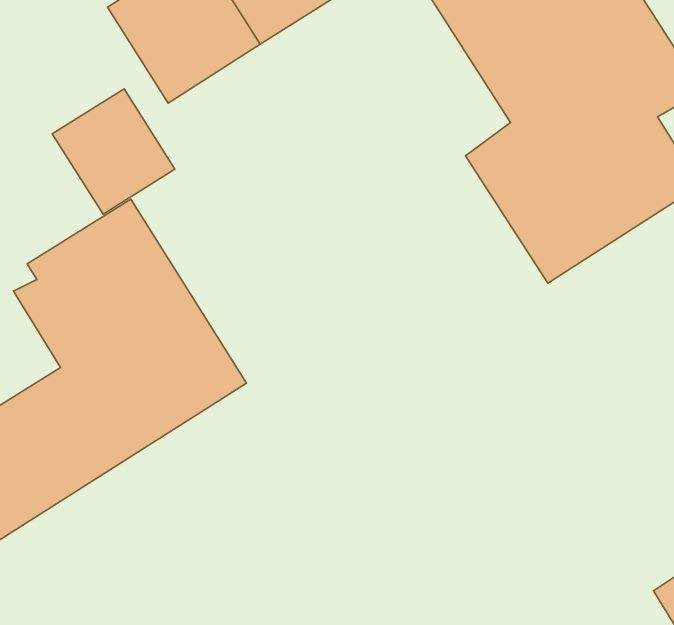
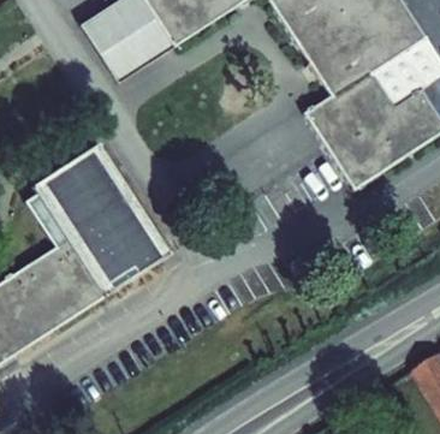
building: [52,89,175,214] -> none

